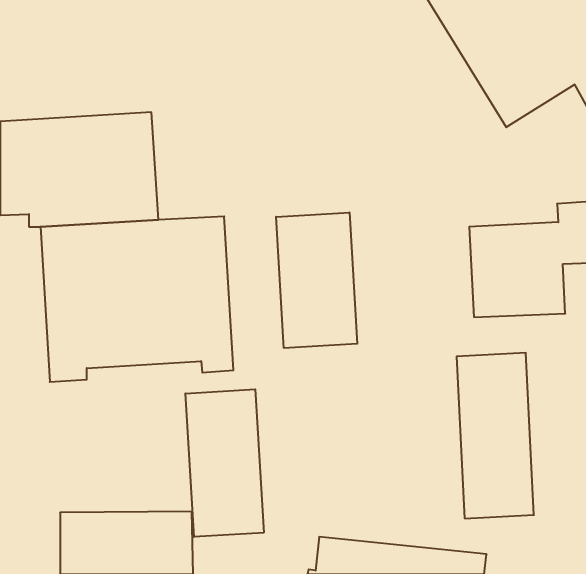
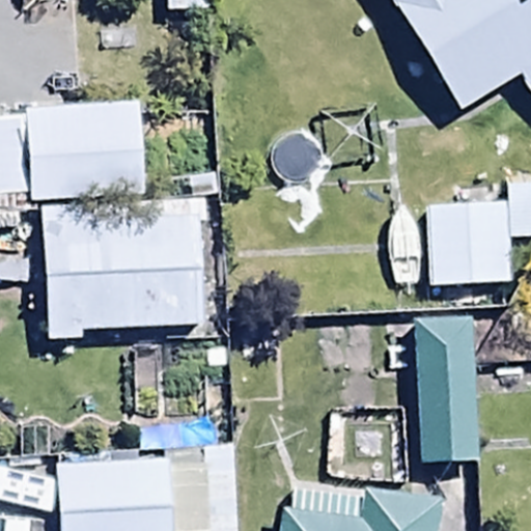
building: [276,212,357,348] -> none
building: [185,389,264,537] -> none

